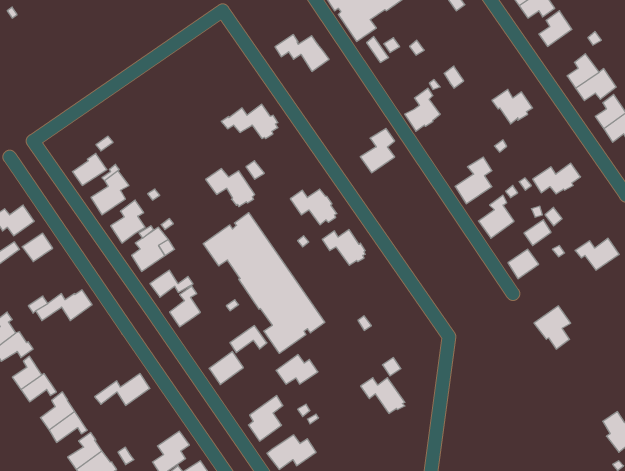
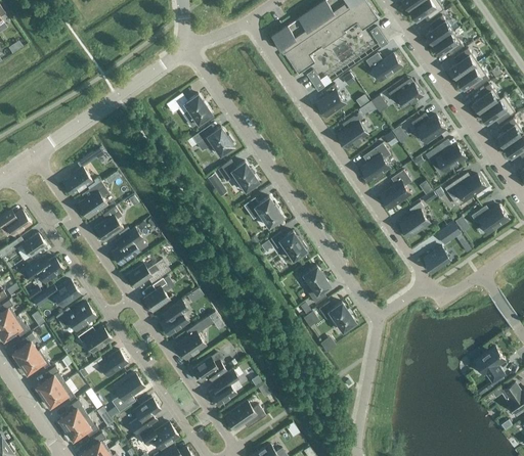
building: none -> [365,53,400,81]
building: none -> [455,63,487,89]
building: [275,35,329,71] -> [165,93,210,124]
building: none -> [387,83,421,106]
building: none -> [315,84,344,116]
building: none -> [425,144,465,172]
building: [360,128,395,173] -> [359,143,388,180]
building: [206,169,255,207] -> [215,159,256,191]
building: [203,213,325,353] -> none
building: [575,238,619,270] -> [470,206,507,232]
building: none -> [23,256,60,282]
building: none -> [300,265,328,304]
building: [534,306,571,349] -> [473,347,504,382]
building: none -> [158,300,186,334]
building: none -> [53,303,93,330]
building: none -> [75,326,110,352]
building: [276,355,318,384] -> [189,356,224,380]
building: [361,378,405,413] -> [316,302,353,331]
building: none -> [113,373,142,411]

